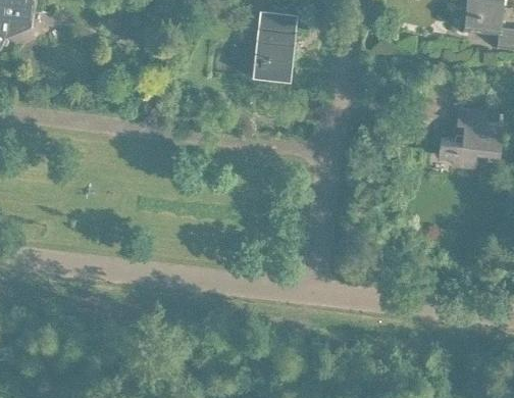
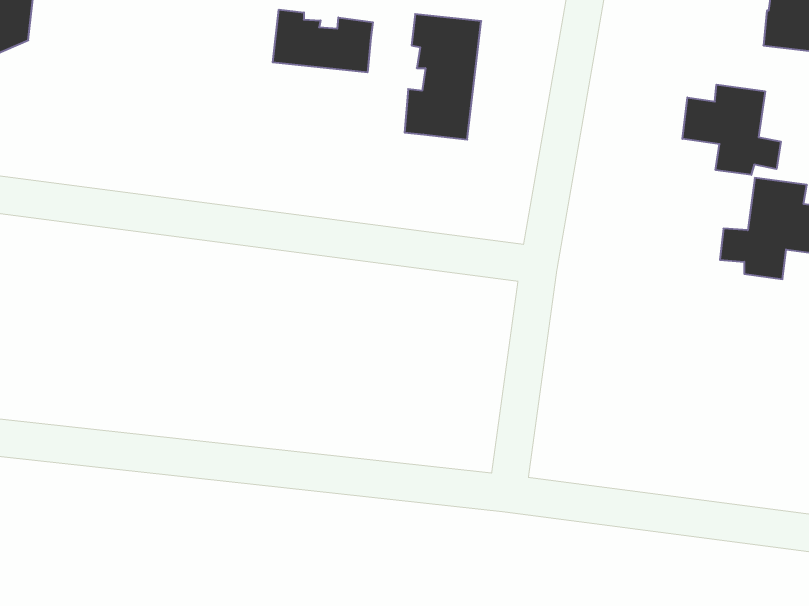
building: none -> [273,10,373,72]
building: none -> [682,85,781,175]

